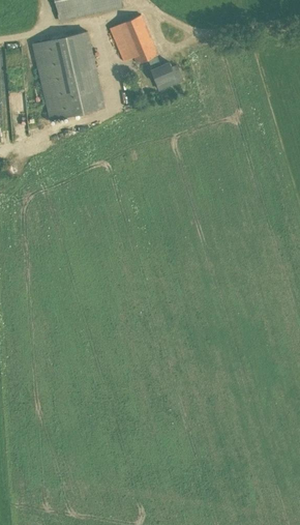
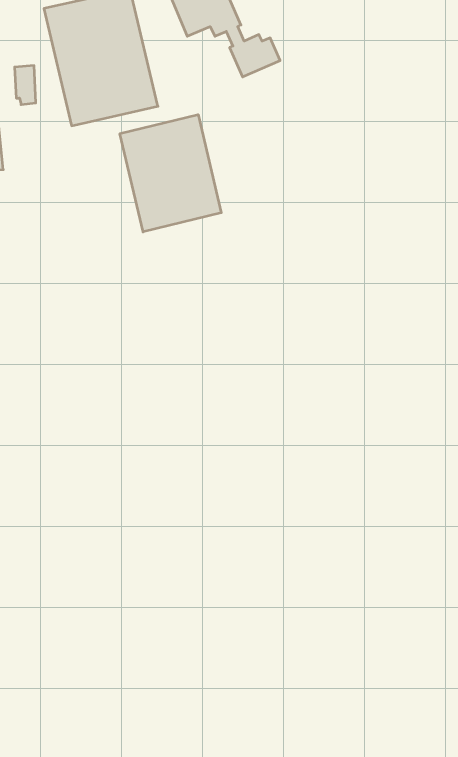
building: none -> [120,115,221,232]

